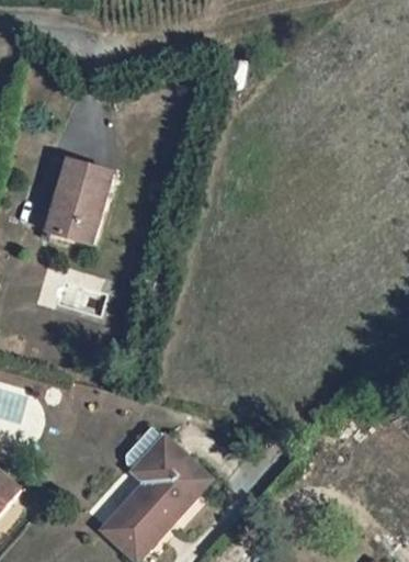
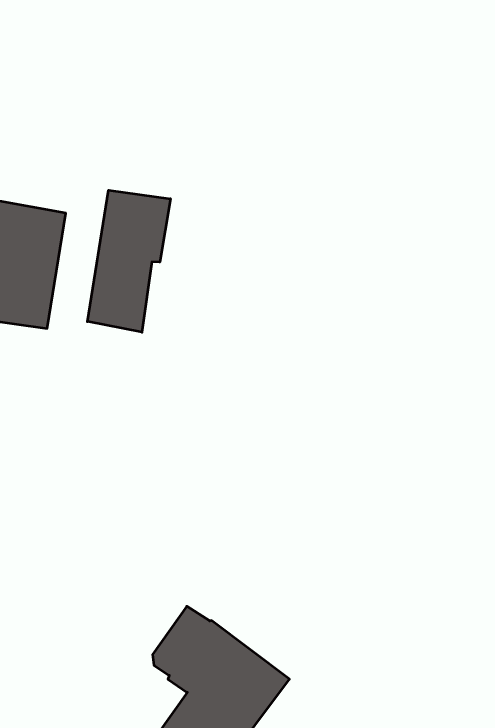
building: none -> [87,190,170,332]

